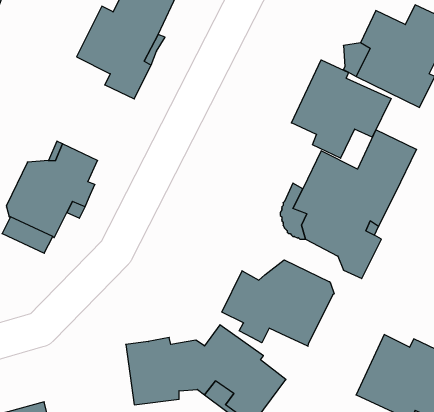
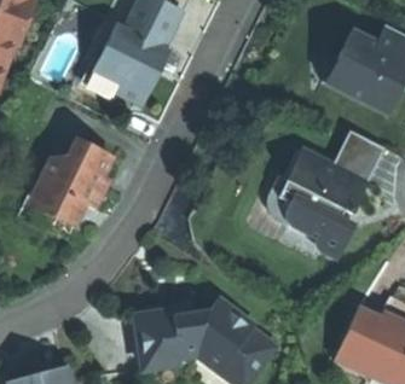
building: [291,60,391,158] -> none
building: [222,260,334,346] -> none

